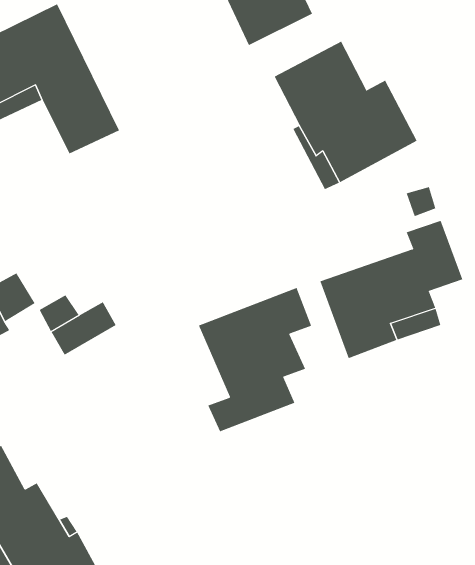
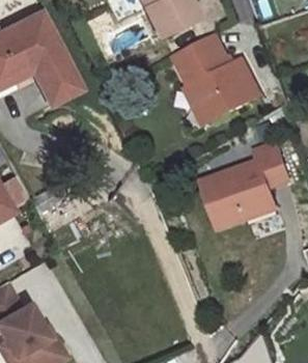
building: [198,287,312,432] -> none

